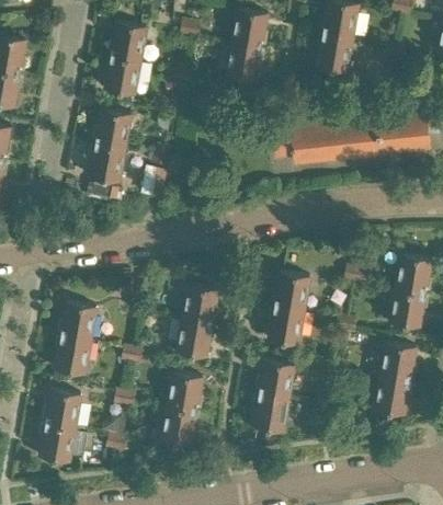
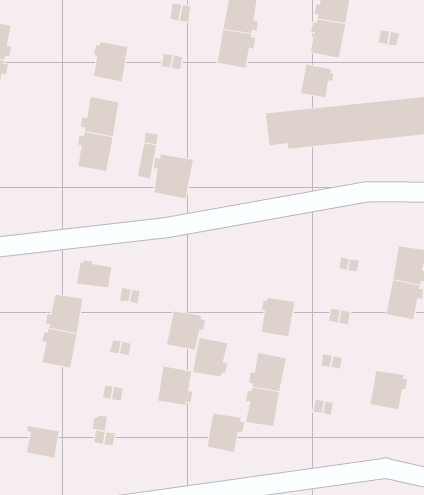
building: [109,25,146,64] -> none
building: none -> [300,64,334,98]
building: none -> [153,154,194,199]
building: none -> [76,260,112,288]
building: [272,274,308,312] -> none
building: [183,287,218,325] -> [192,337,228,377]
building: [380,345,416,383] -> none
building: [41,392,80,438] -> none
building: [162,409,200,447] -> [207,413,245,452]

